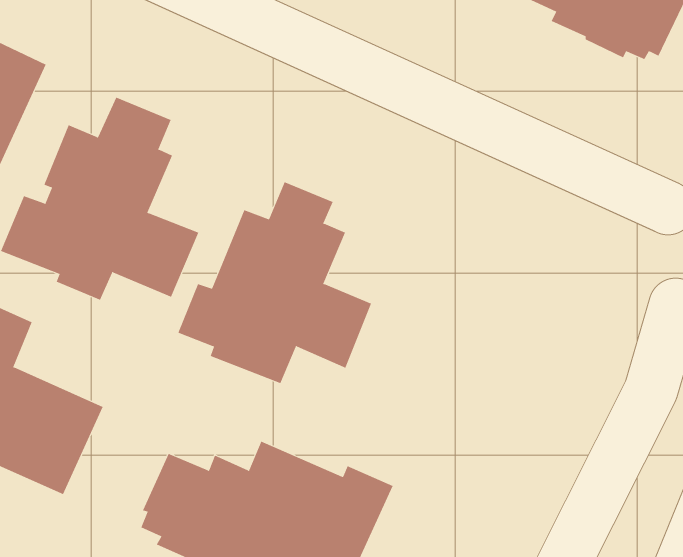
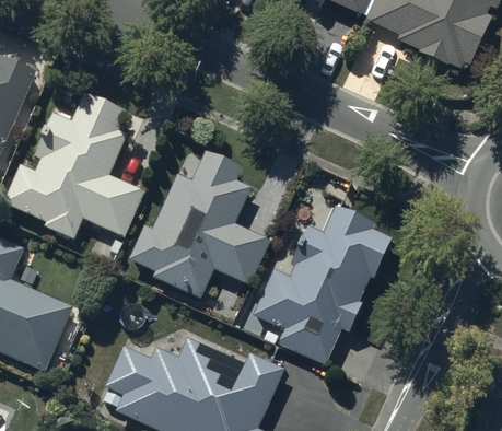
building: none -> [253,206,393,363]

